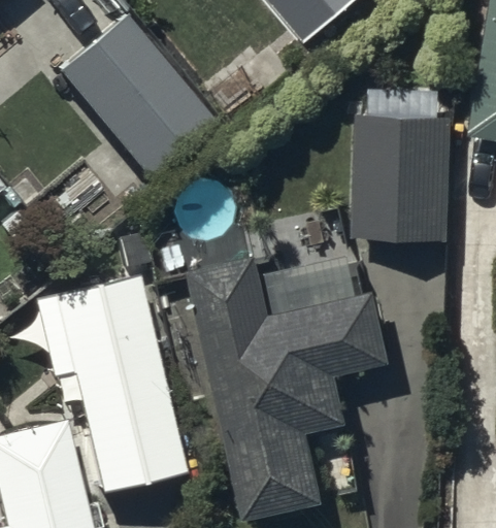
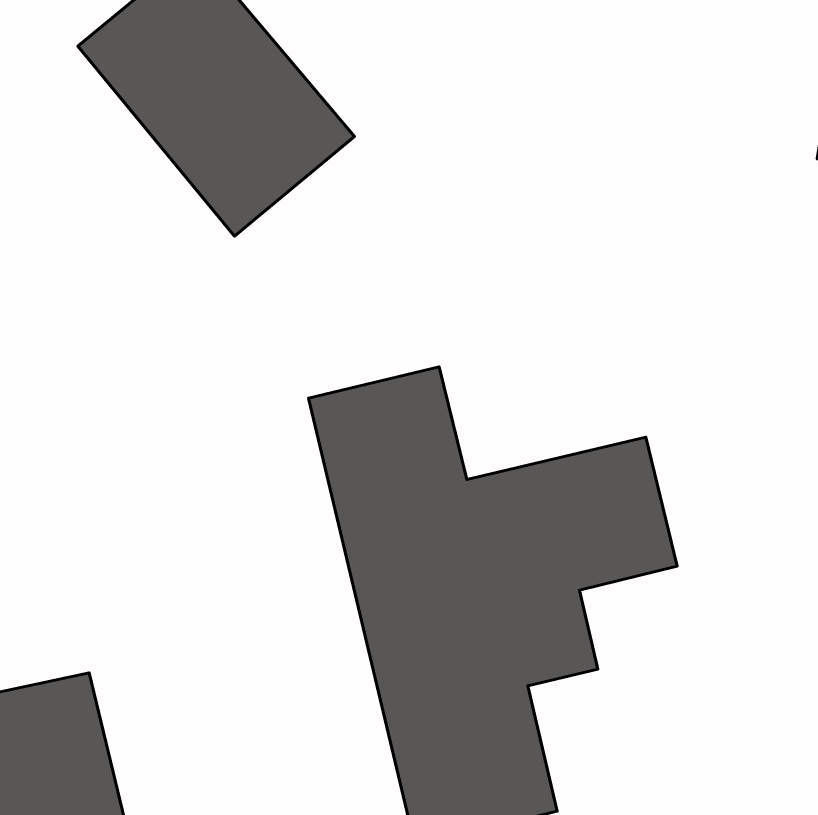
building: [354,111,454,240] -> none
building: [55,273,157,439] -> none

